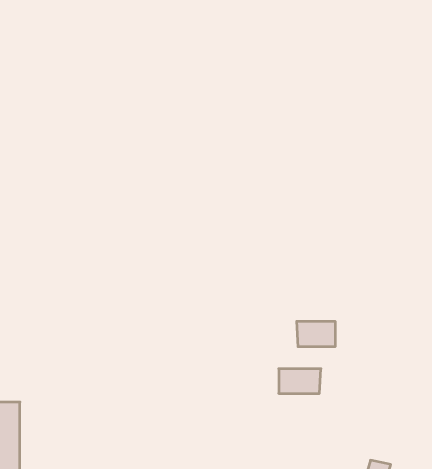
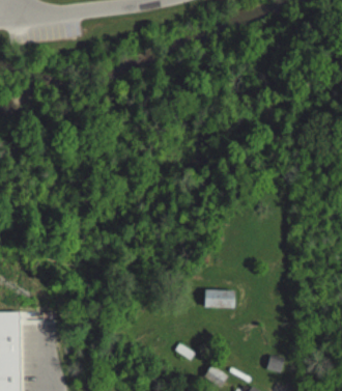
building: [297,321,335,347] -> none

